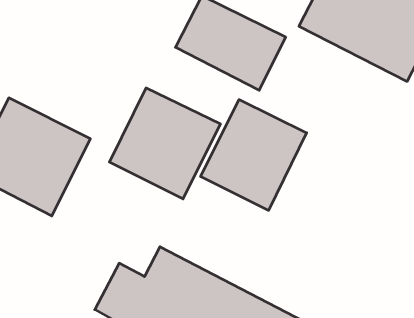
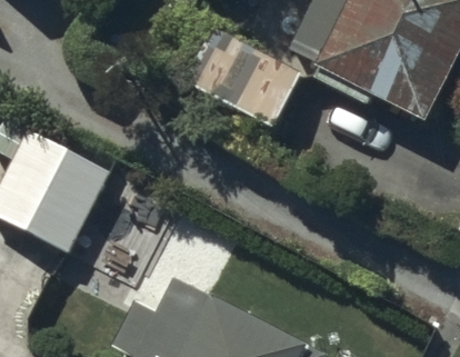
building: [109,88,220,199] -> none
building: [201,100,307,210] -> none

